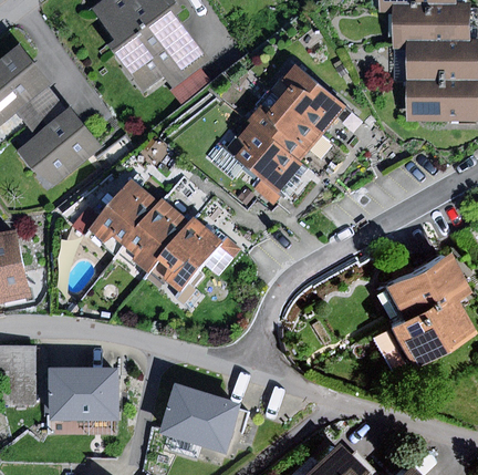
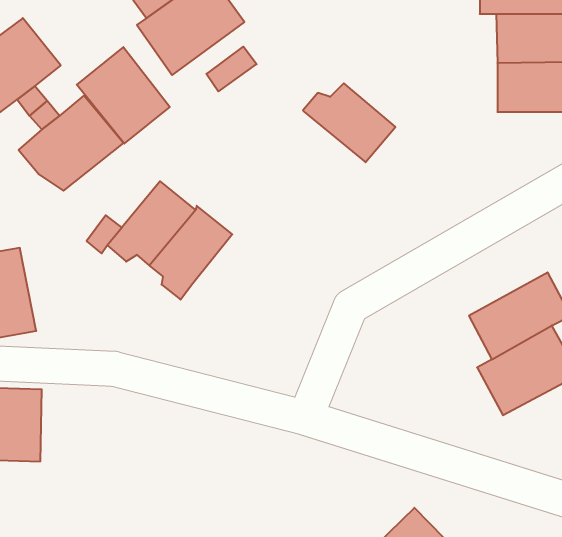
building: [280,64,345,133] -> none
building: none -> [77,47,170,144]
building: [209,121,300,192] -> none
building: [157,217,239,296] -> none
building: [42,368,118,421] -> none
building: [159,383,241,455] -> none

